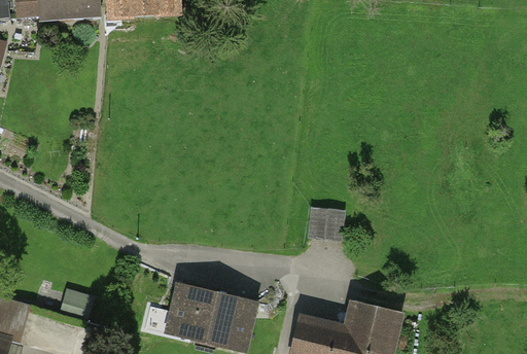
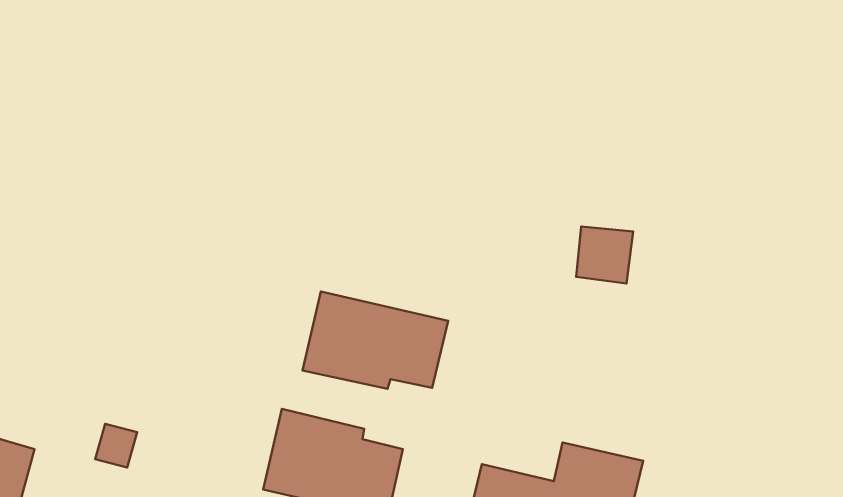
building: [310,206,345,241] -> [576,226,633,284]
building: none -> [303,291,448,389]

